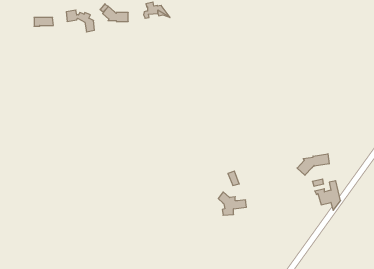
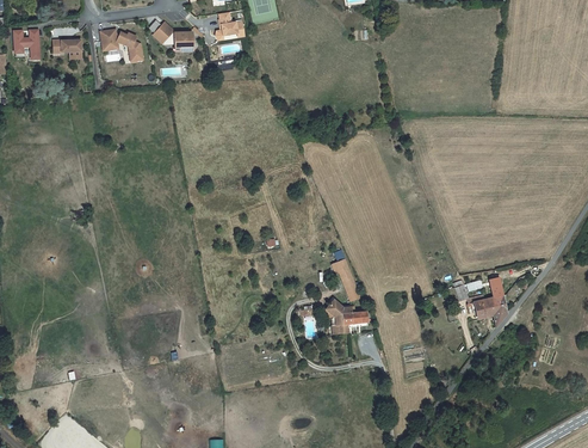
building: none -> [13,29,39,57]
building: [297,154,329,175] -> none

